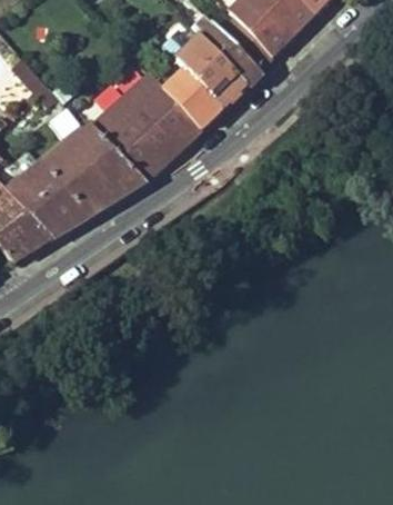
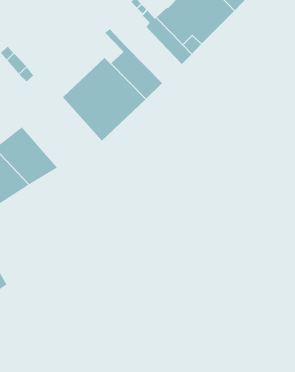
building: [174,36,245,108] -> none
building: [41,126,143,216] -> none

